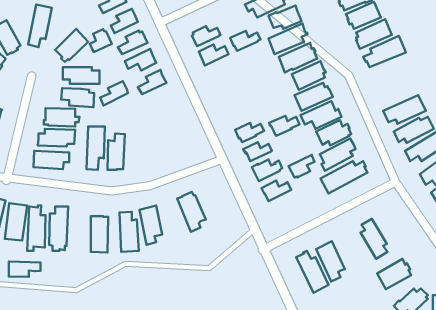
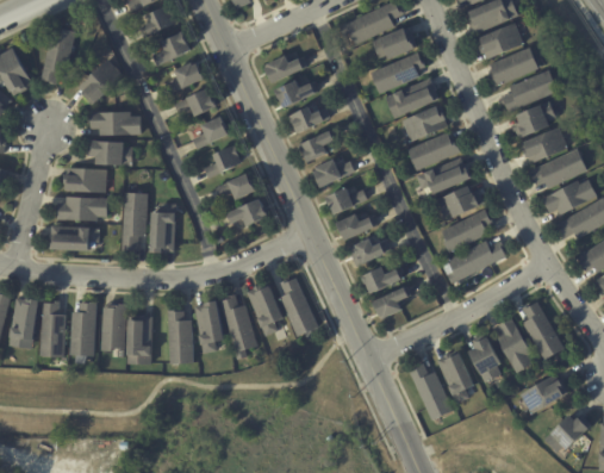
building: [90,29,112,52] -> none
building: [230,31,261,51] -> [287,106,329,133]
building: none -> [511,99,558,137]
building: none -> [521,127,567,163]
building: [100,81,128,105] -> [203,144,241,178]
building: none -> [299,130,335,162]
building: none -> [214,172,256,200]
building: [269,116,300,136] -> [311,160,353,187]
building: none -> [229,198,270,225]
building: [288,155,315,177] -> [373,286,409,317]
building: none -> [279,276,318,335]
building: none -> [219,293,257,359]
building: none -> [522,300,565,359]
building: none -> [100,303,126,350]
building: none -> [469,332,502,382]
building: [9,262,41,277] -> none

